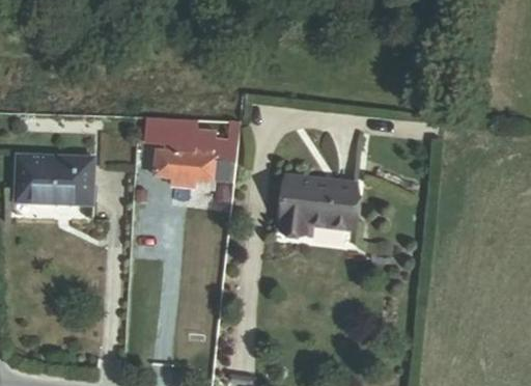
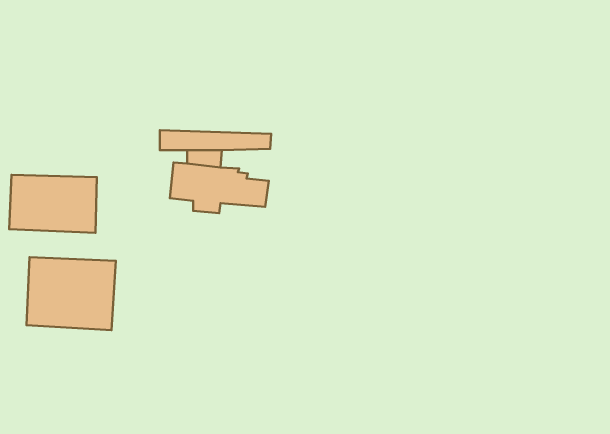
building: [281,175,357,235] -> none
building: none -> [27,257,116,330]

